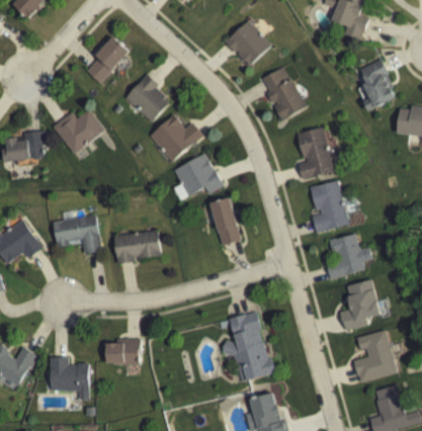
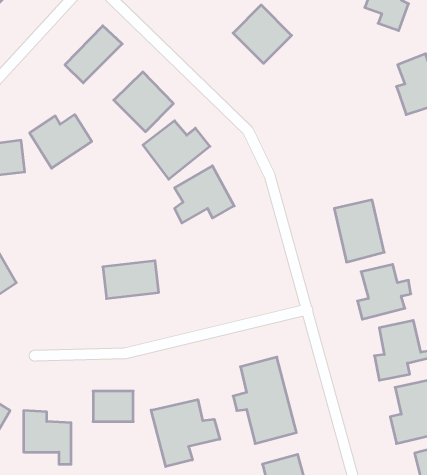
building: [259,66,307,120] -> none
building: [297,126,336,179] -> none
building: [210,197,240,245] -> none
building: [53,209,101,254] -> none
building: none -> [151,400,220,467]

